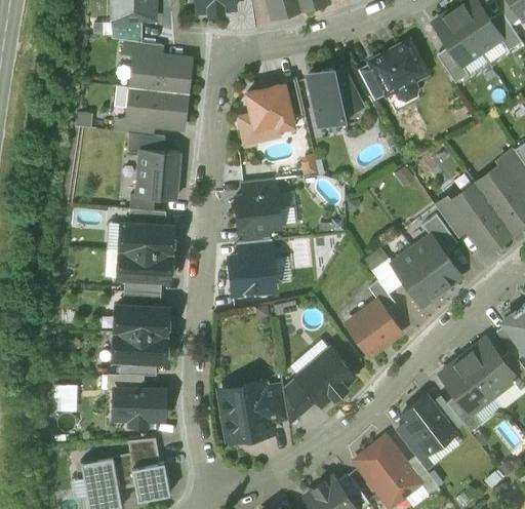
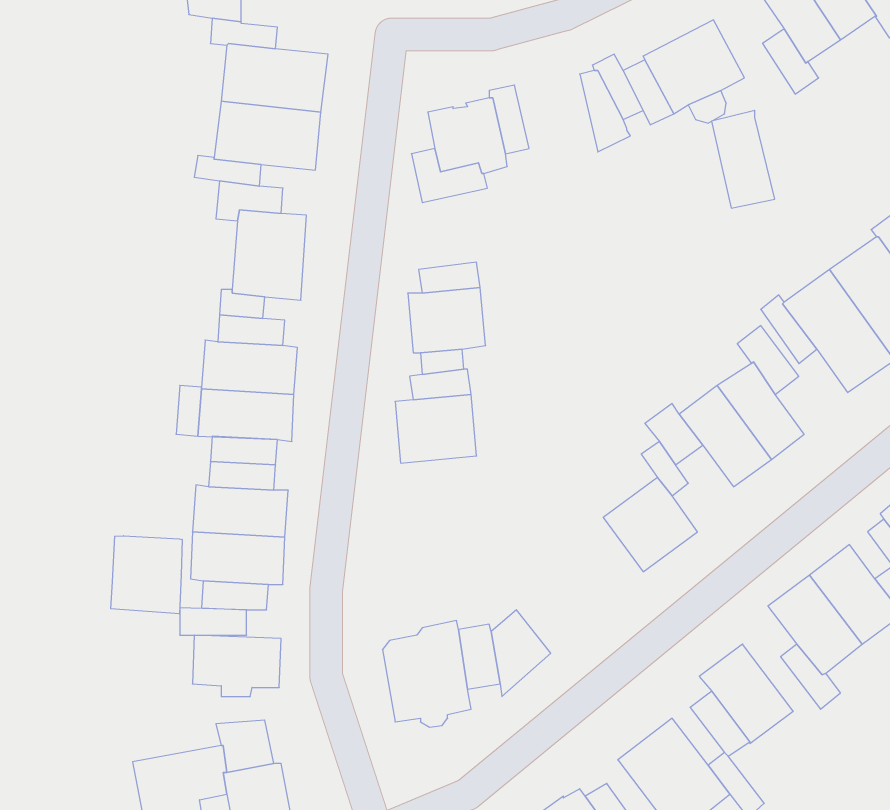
building: [309,68,345,123] -> [711,110,775,208]
building: none -> [111,536,182,614]
building: [297,348,354,404] -> none

